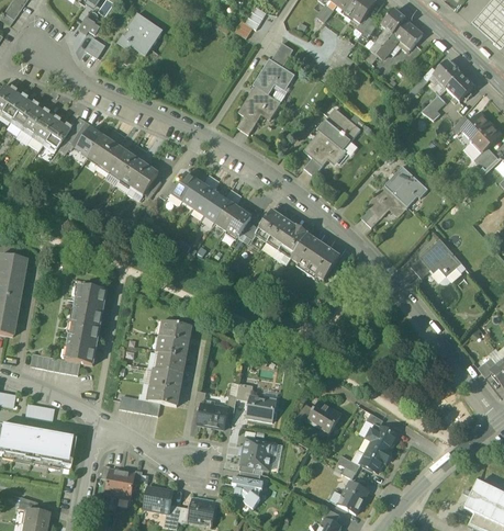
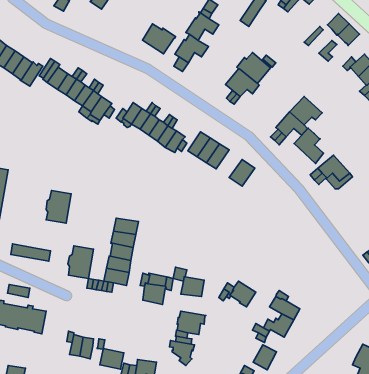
building: none -> [142,24,176,54]
building: none -> [294,128,324,164]
building: [291,234,324,269] -> none
building: [67,323,100,364] -> [68,246,94,279]

